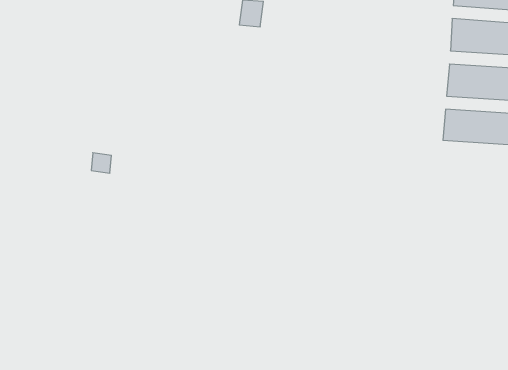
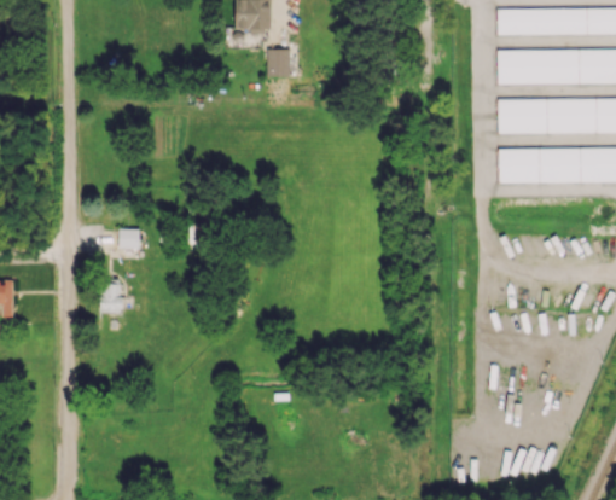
building: none -> [100,284,122,313]

